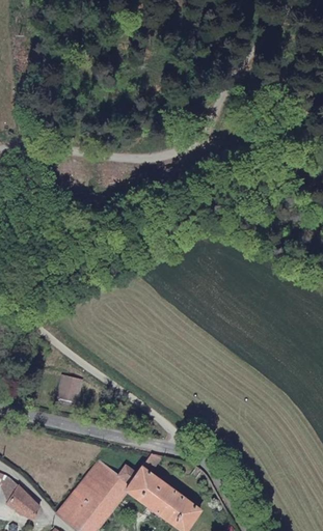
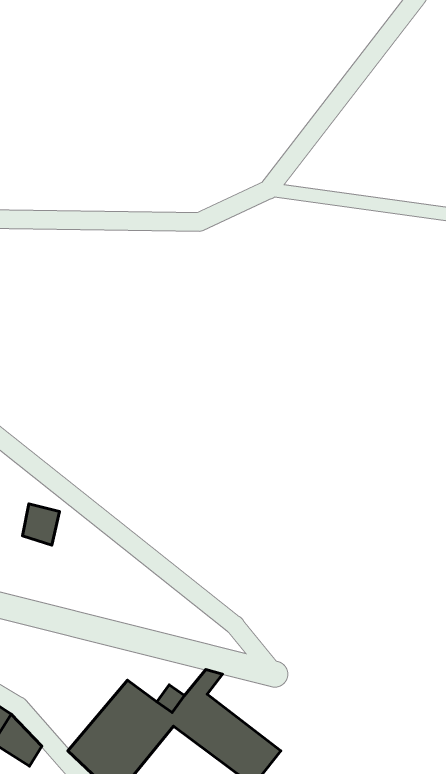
building: [58,376,83,404] -> [23,504,59,545]

